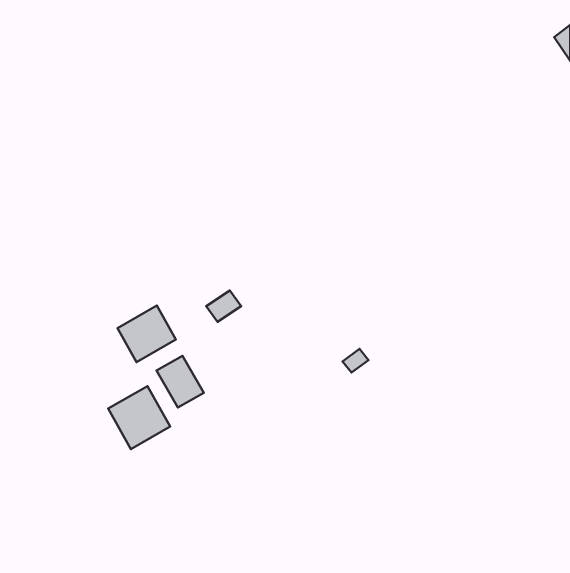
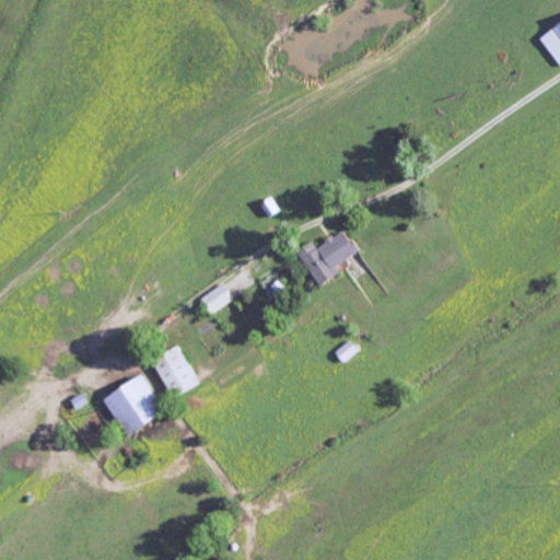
building: none -> [298,230,358,285]
building: [118,305,176,362] -> none

